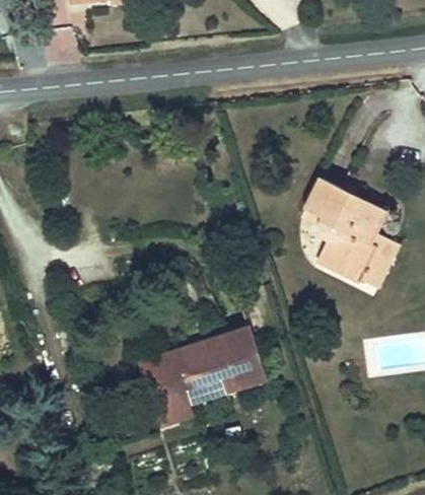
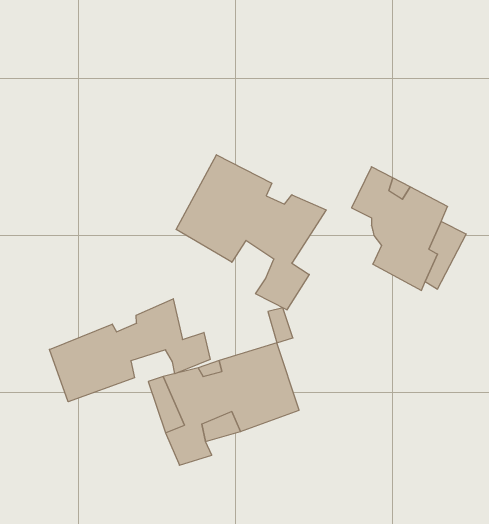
building: none -> [176,155,326,310]
building: none -> [49,299,210,402]

